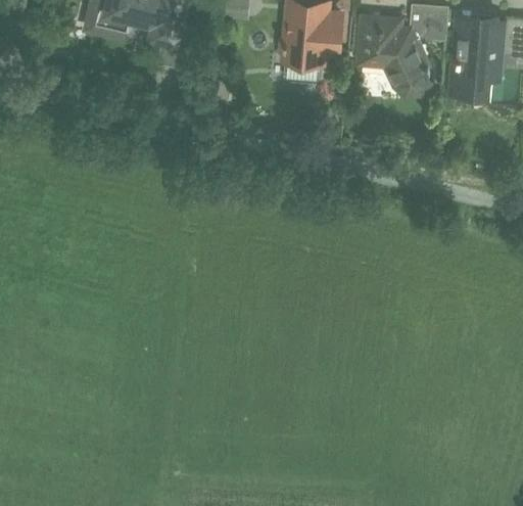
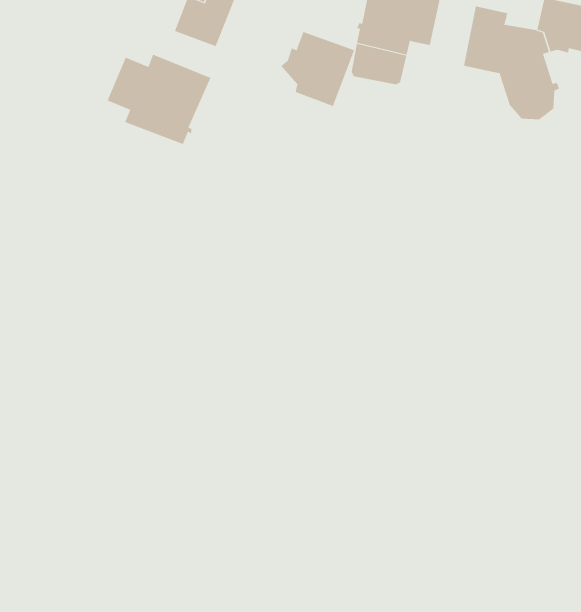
building: none -> [281,31,355,107]
building: none -> [107,54,211,145]

